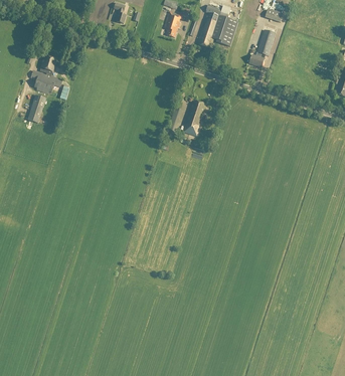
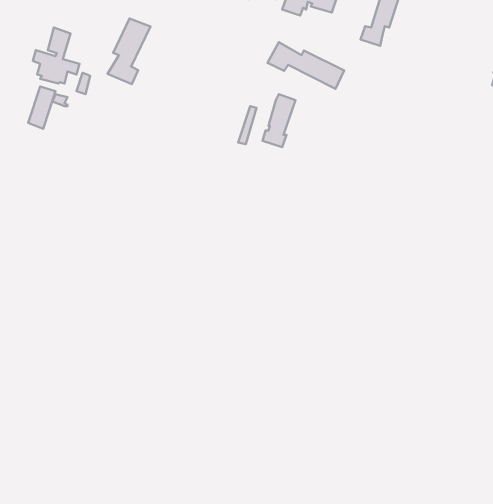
building: none -> [108,18,151,84]
building: none -> [268,42,344,89]

